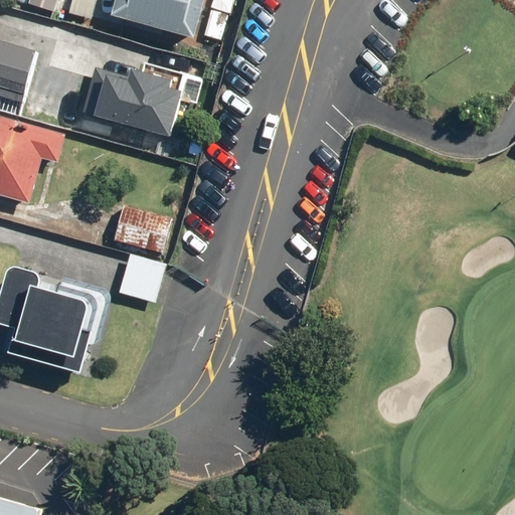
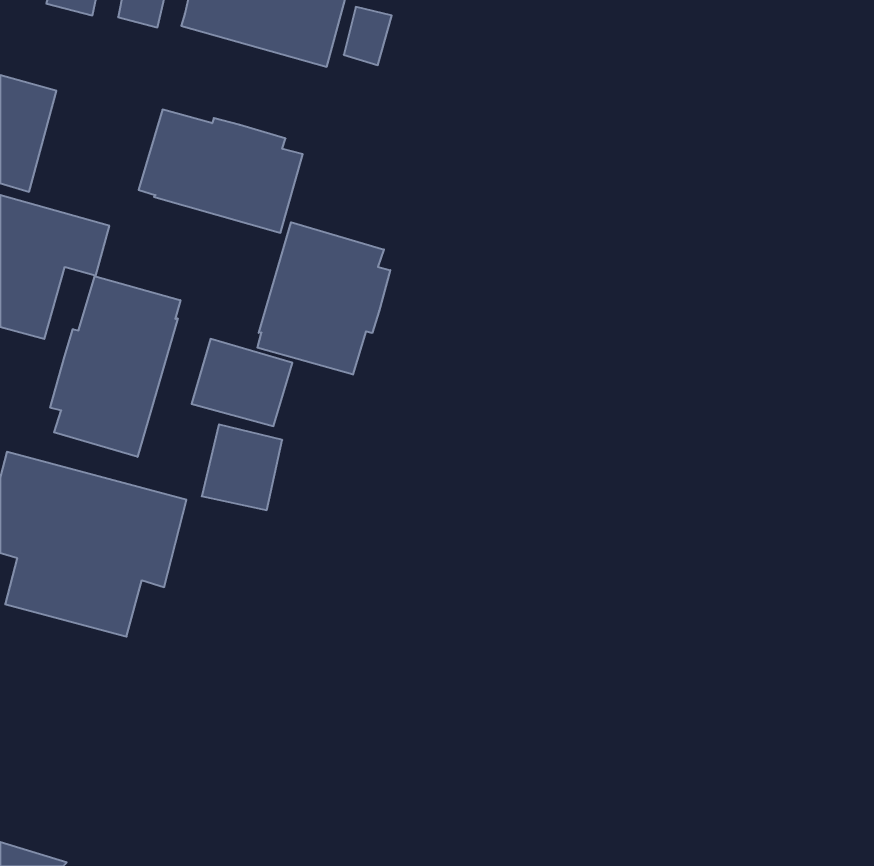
building: none -> [257,222,390,375]
building: none -> [50,276,180,457]

